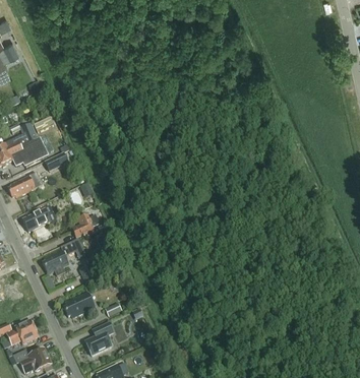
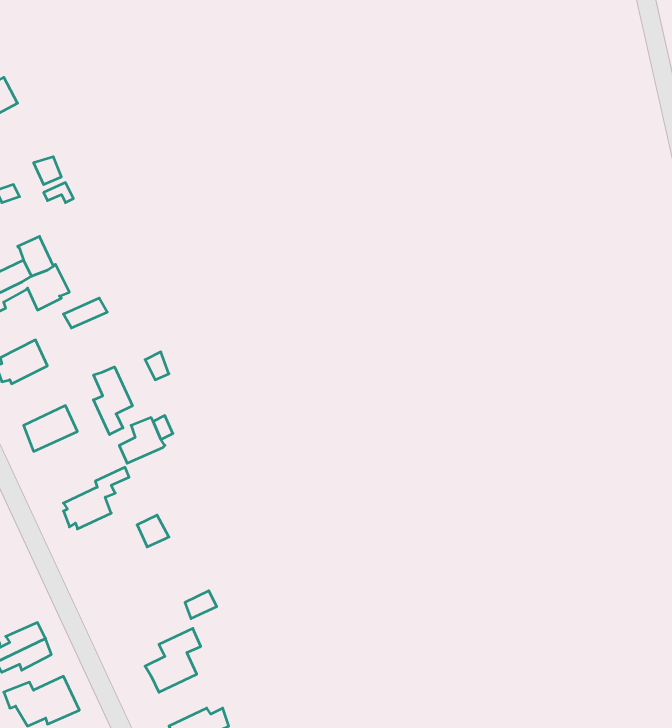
building: none -> [93,367,132,435]
building: [63,294,95,319] -> none

